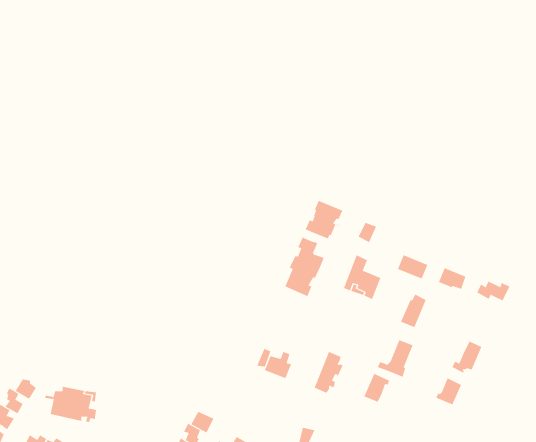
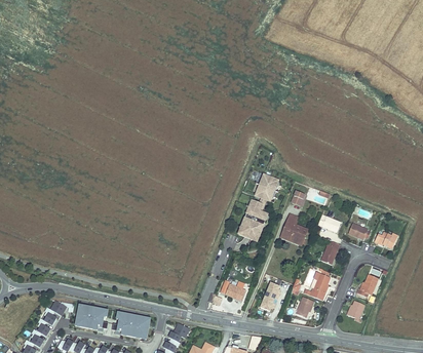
building: none -> [112,312,154,339]

